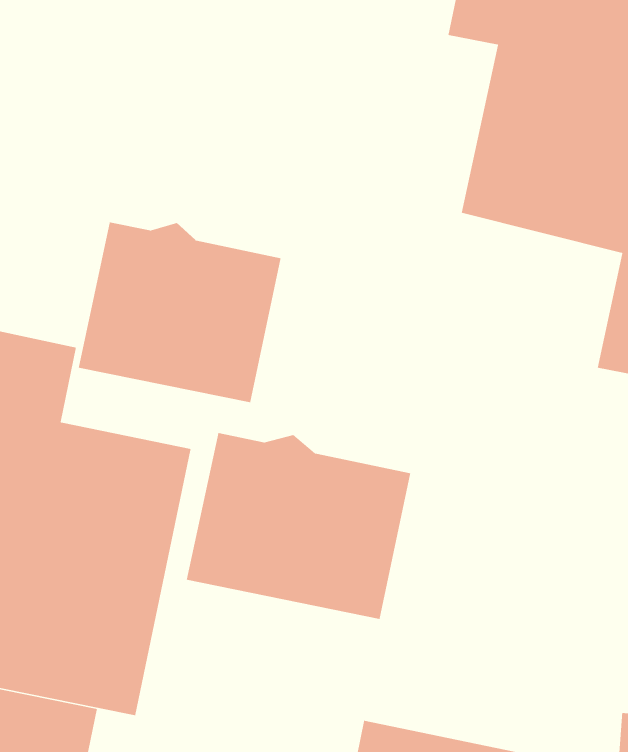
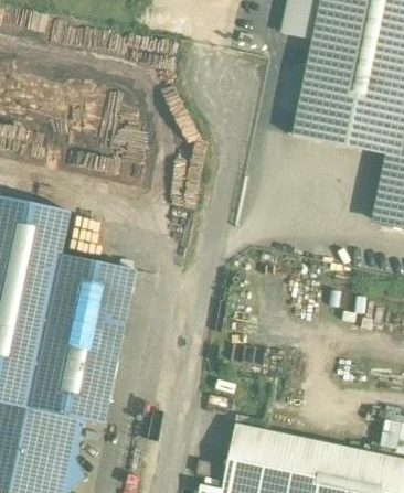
building: [78,221,281,403] -> none
building: [186,432,411,620] -> none

